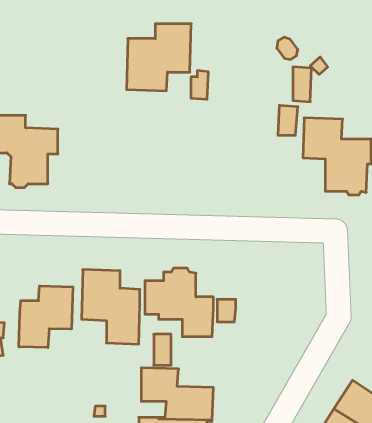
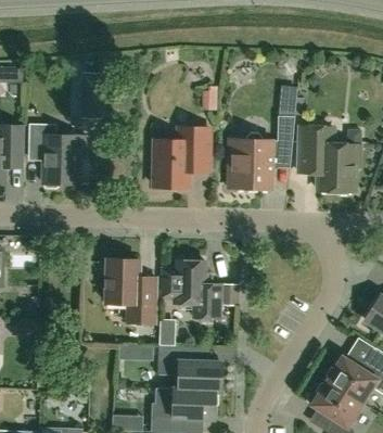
building: [127,24,191,91] -> [153,129,209,188]
building: none -> [228,132,272,189]
building: [19,286,73,348] -> none

